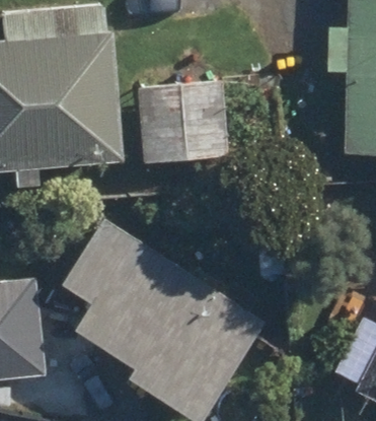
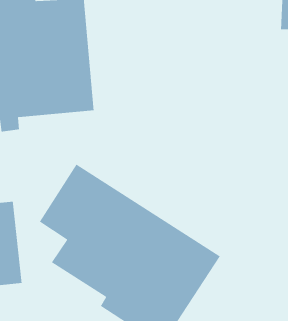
building: [138,82,229,163] -> none

